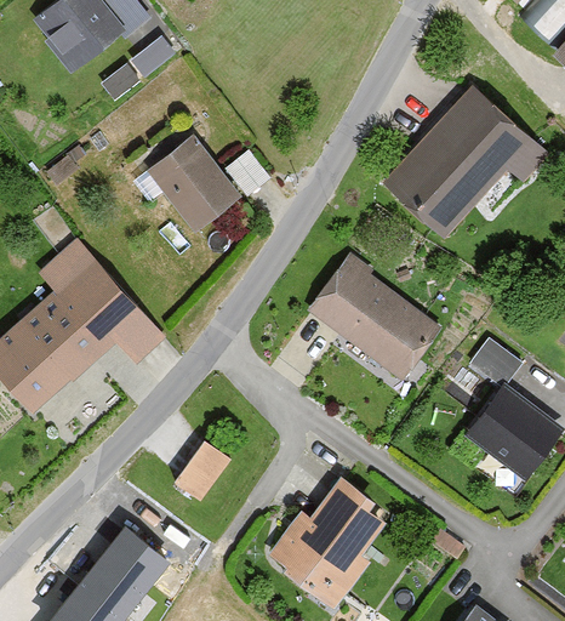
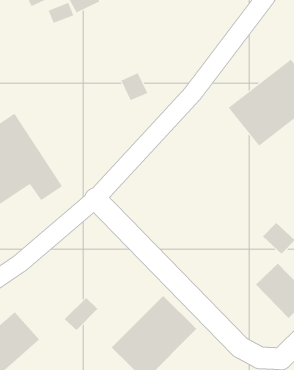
building: [148,137,244,237] -> none
building: [304,253,444,381] -> none
building: [176,444,224,496] -> [64,297,98,331]

